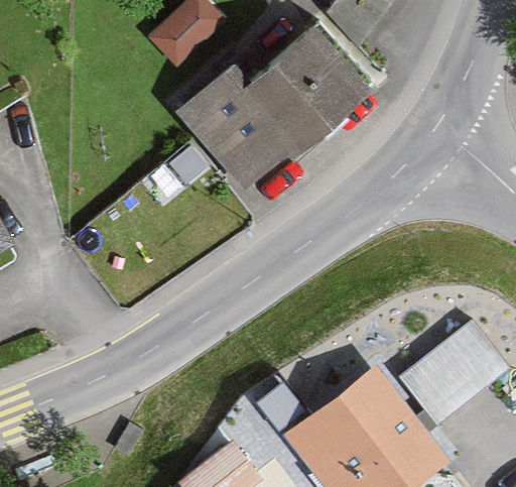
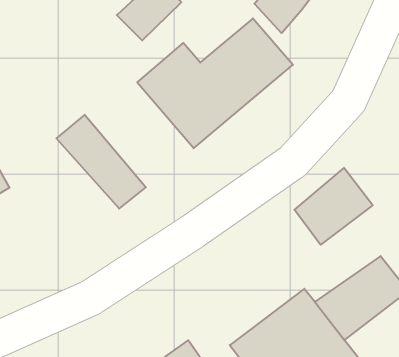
building: none -> [56,115,146,209]
building: none -> [294,168,373,245]

